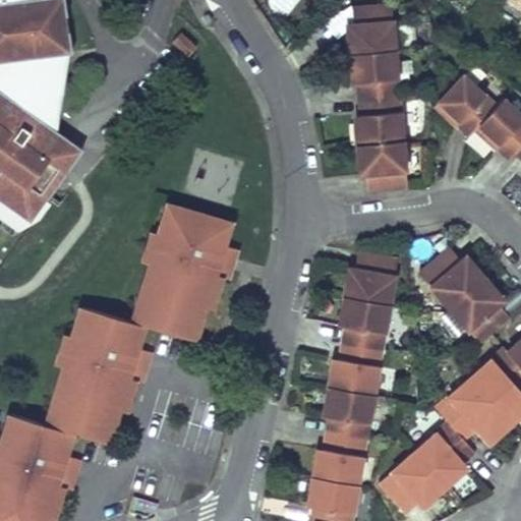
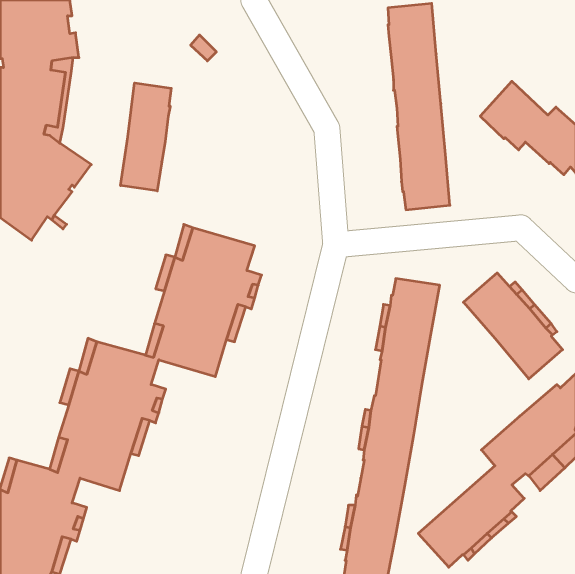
building: none -> [121,83,171,191]

